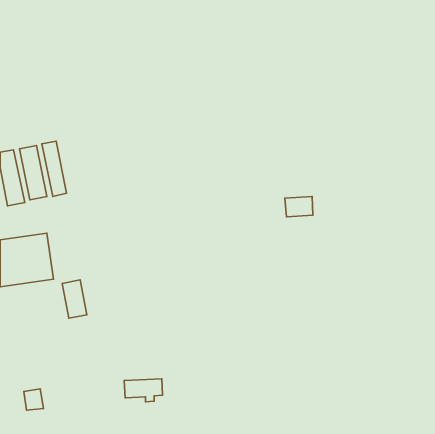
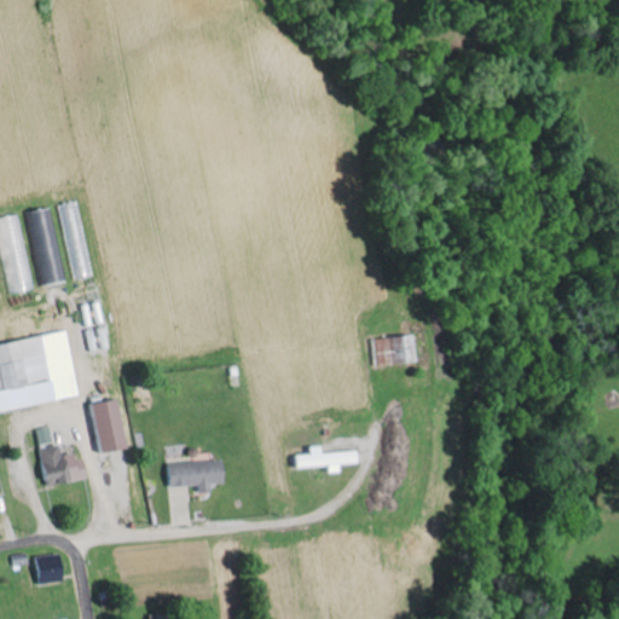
building: [285,197,313,217] -> [371,336,411,365]
building: none -> [35,427,83,486]
building: none -> [293,446,354,474]
building: [124,379,163,402] -> [167,461,221,493]

